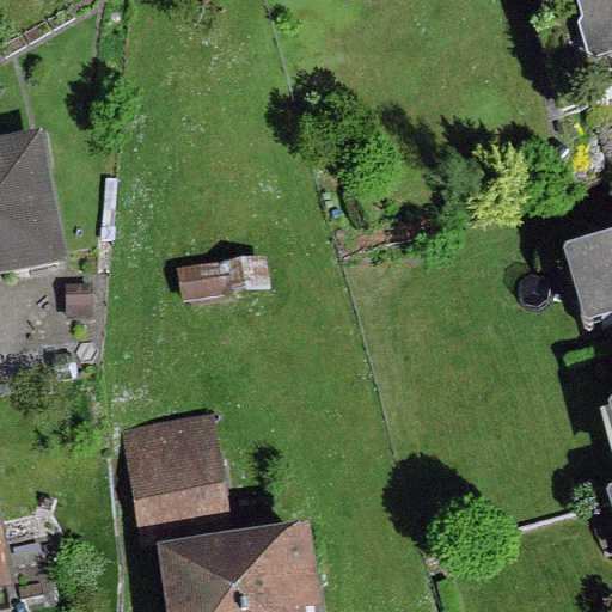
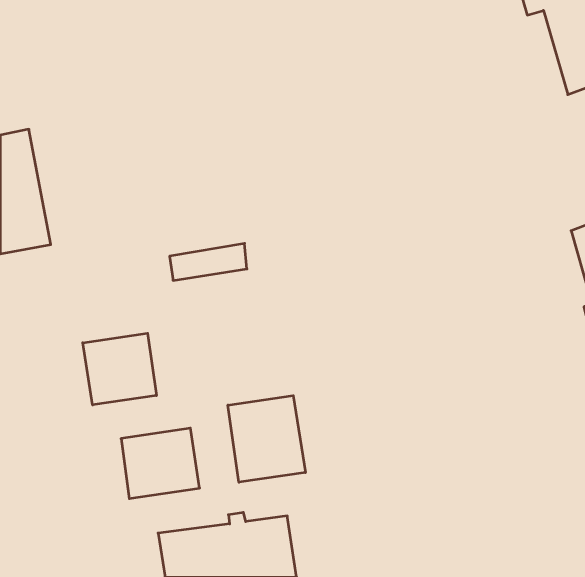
building: none -> [83,333,156,405]
building: none -> [228,396,305,482]

